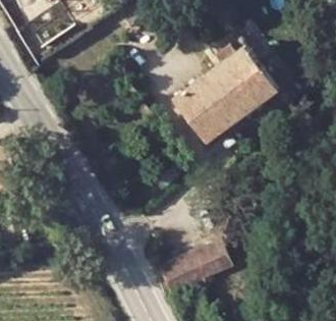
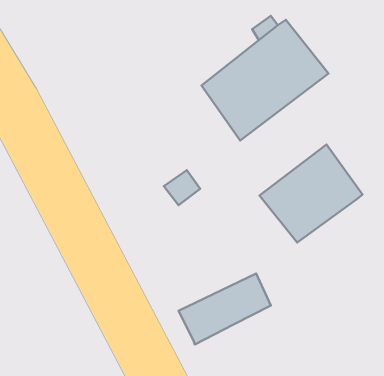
building: none -> [260,145,362,242]

